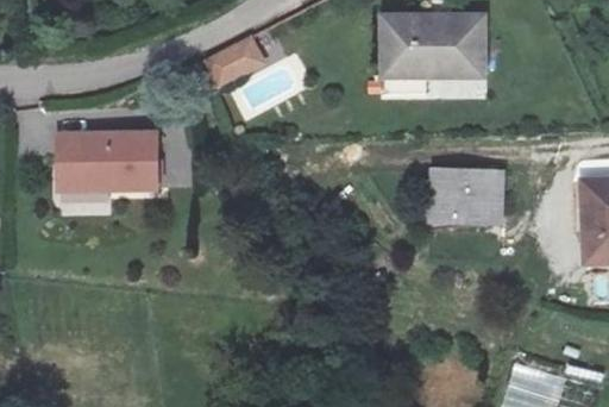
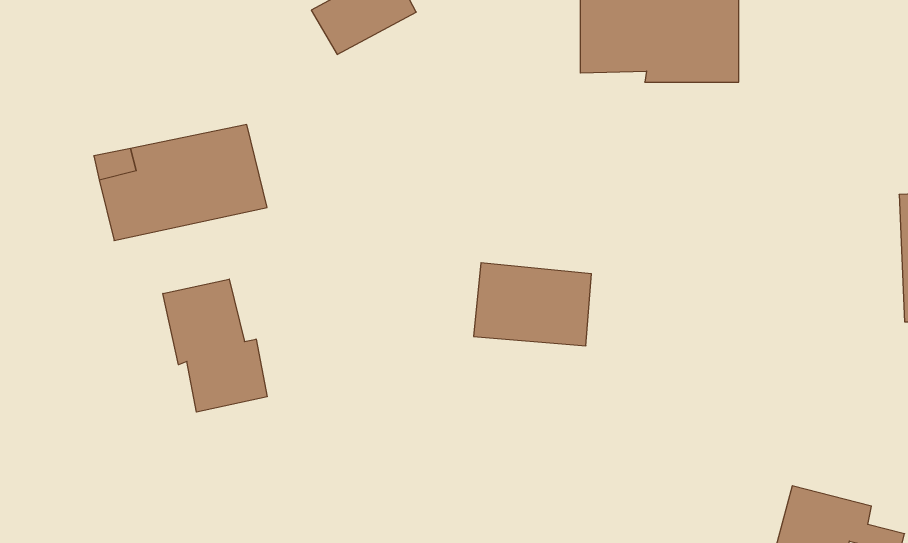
building: [426,180,502,233] -> [474,263,591,346]
building: none -> [163,279,267,412]

